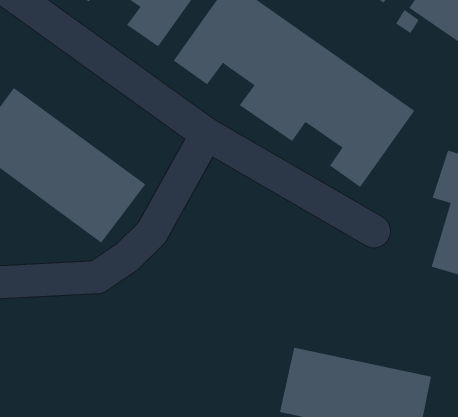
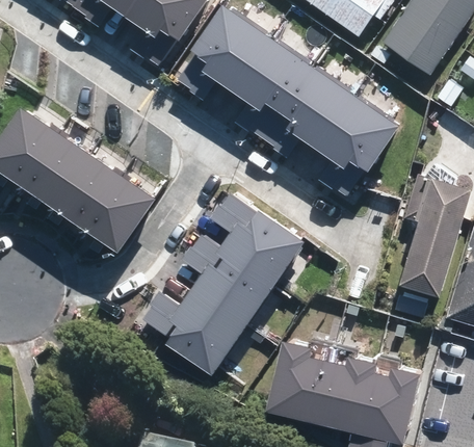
building: none -> [132,191,295,376]

